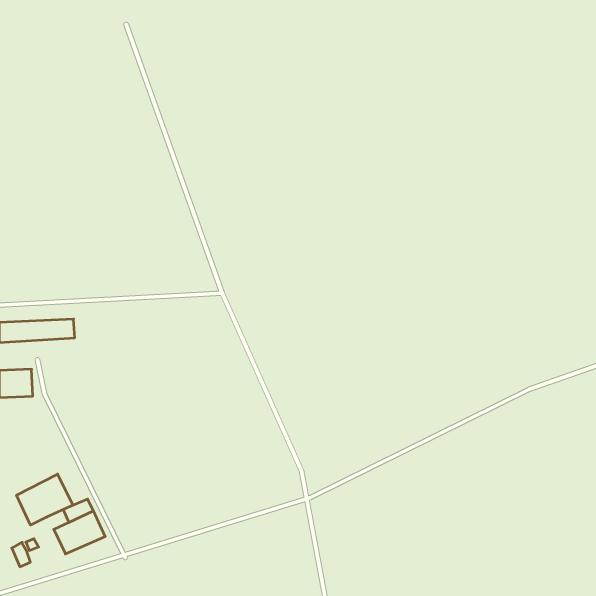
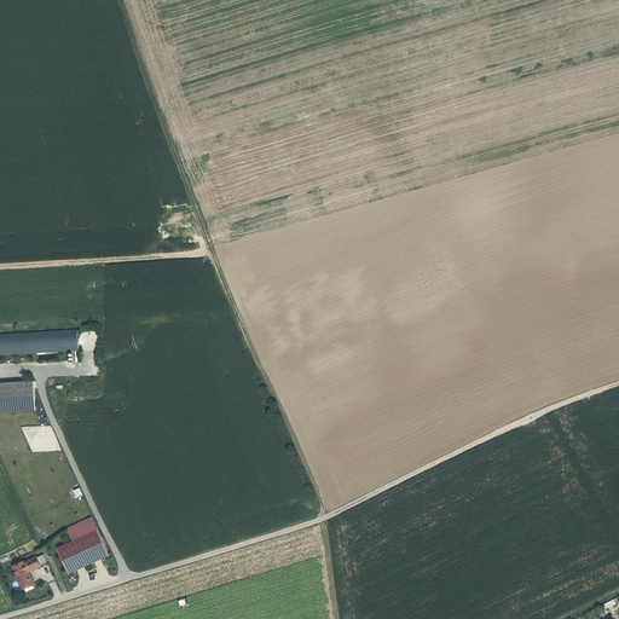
building: [17,474,73,525] -> none

